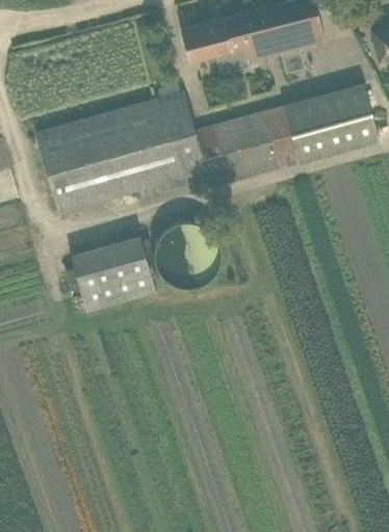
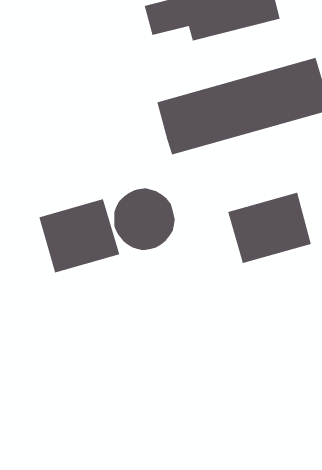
building: [36,91,205,211] -> none
building: none -> [228,192,312,264]

